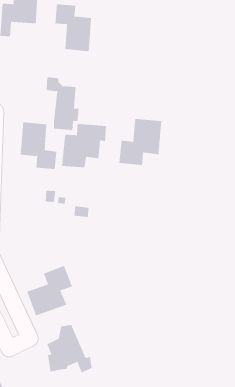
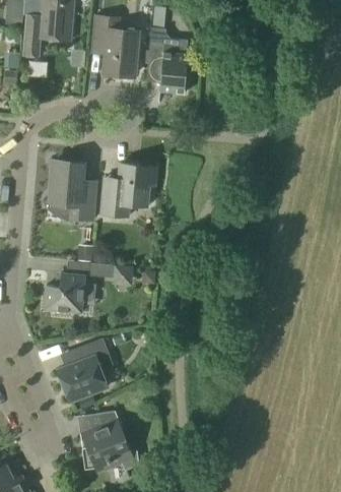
building: [46,77,80,130] -> [149,26,191,93]
building: [119,118,162,166] -> none
building: none -> [43,272,83,315]

